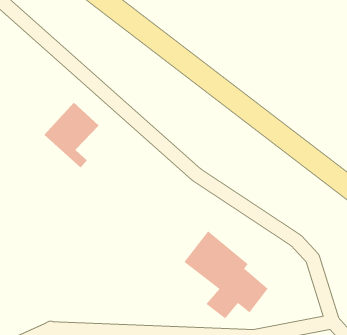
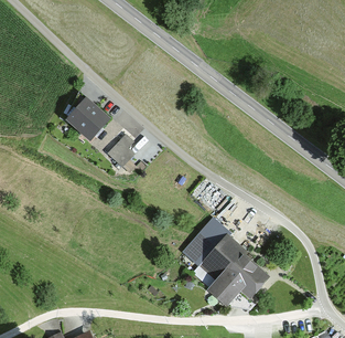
building: none -> [107,136,140,168]

